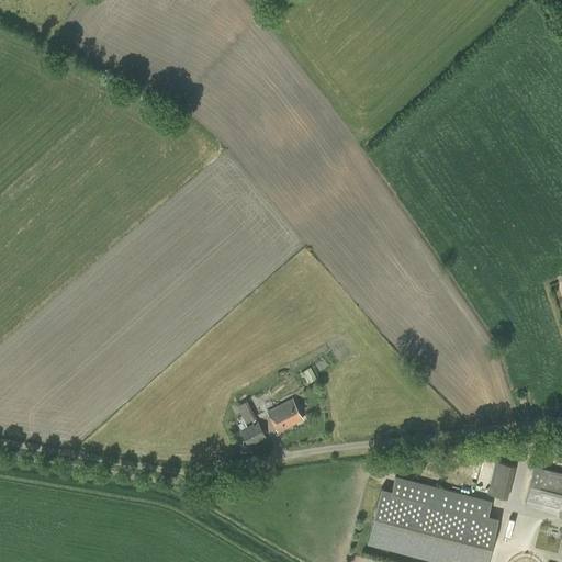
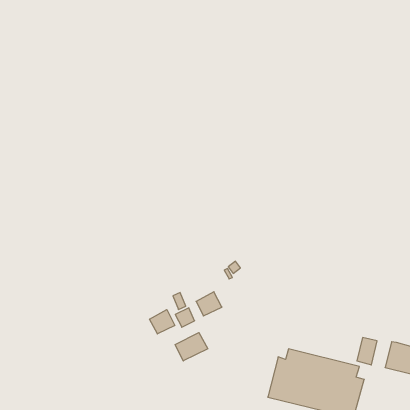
building: none -> [150,310,175,334]
building: none -> [175,333,208,361]

